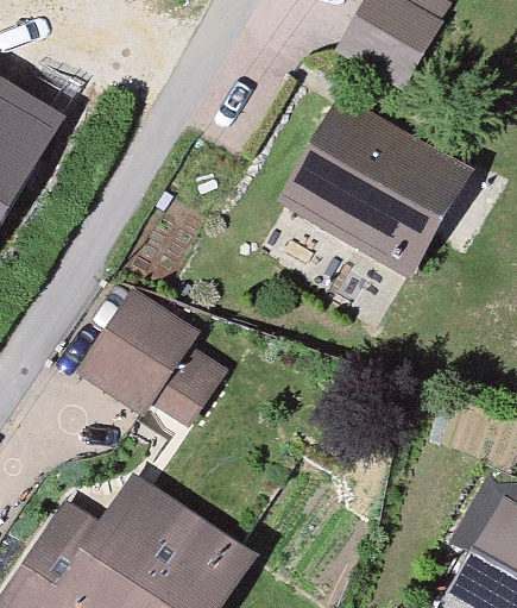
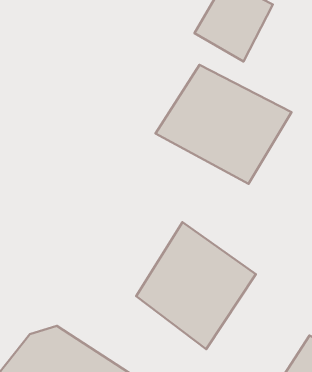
building: [78,289,219,443] -> none
building: none -> [136,222,256,349]

